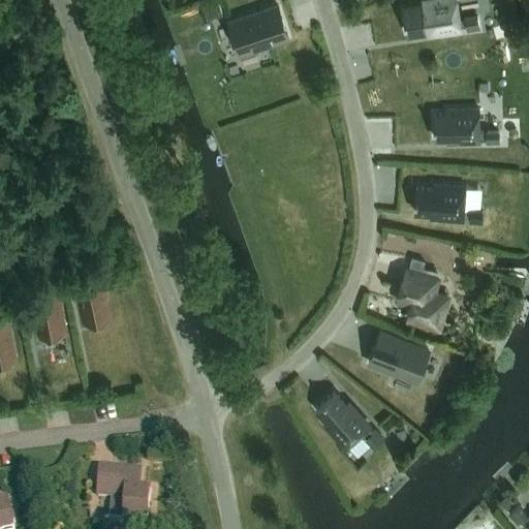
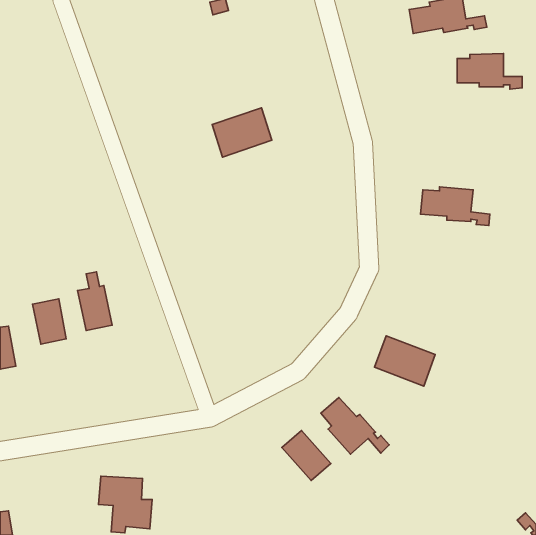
building: [229,5,288,54] -> [212,108,272,157]
building: [435,107,499,143] -> [457,53,522,89]
building: [398,269,447,326] -> none
building: none -> [282,431,331,480]

